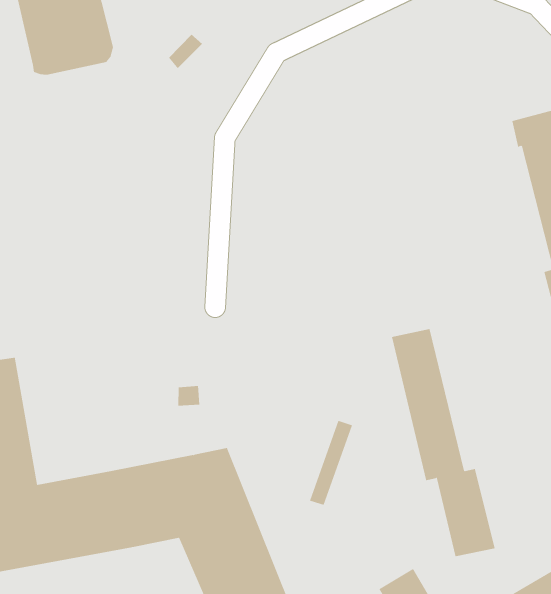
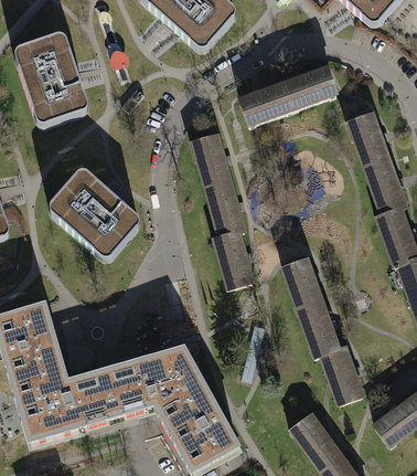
building: none -> [239,68,335,124]
building: none -> [190,134,253,287]
building: none -> [51,168,140,256]

